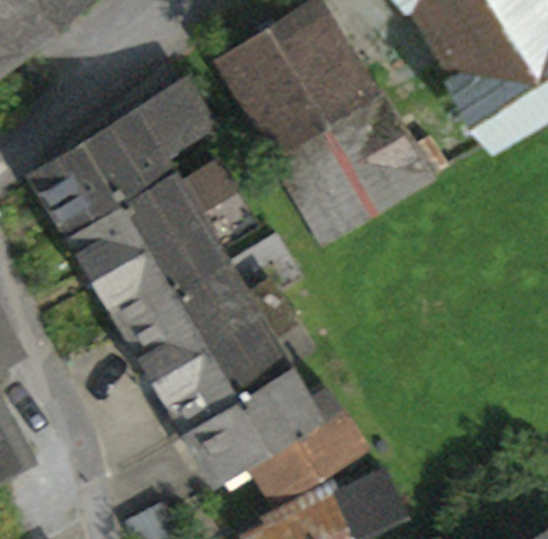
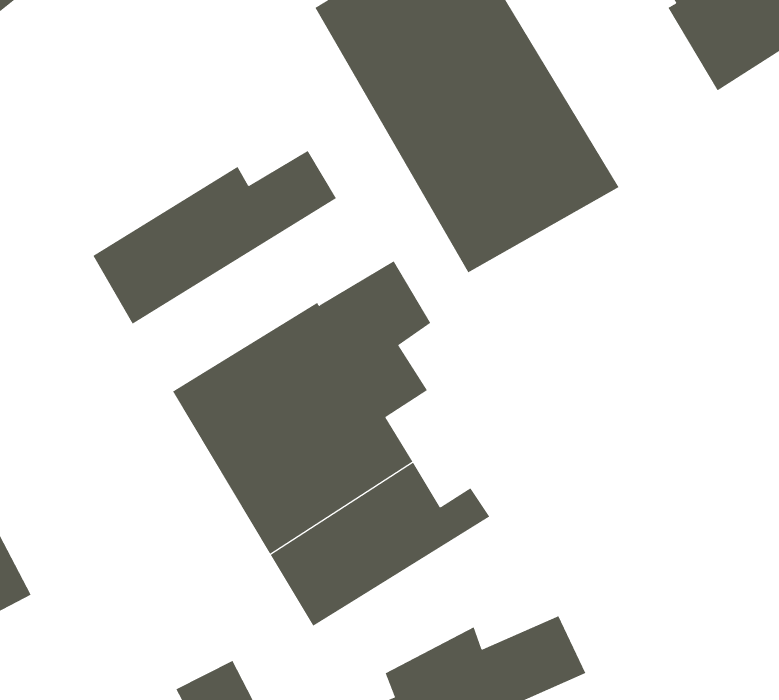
building: [30,80,208,229] -> none
building: [91,190,249,321] -> none
building: [245,406,356,499] -> none

